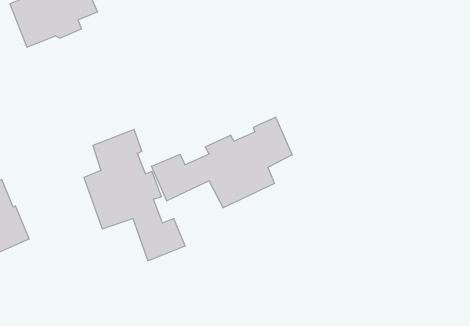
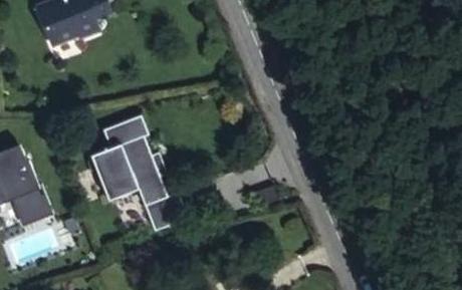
building: [151,117,292,208] -> none

